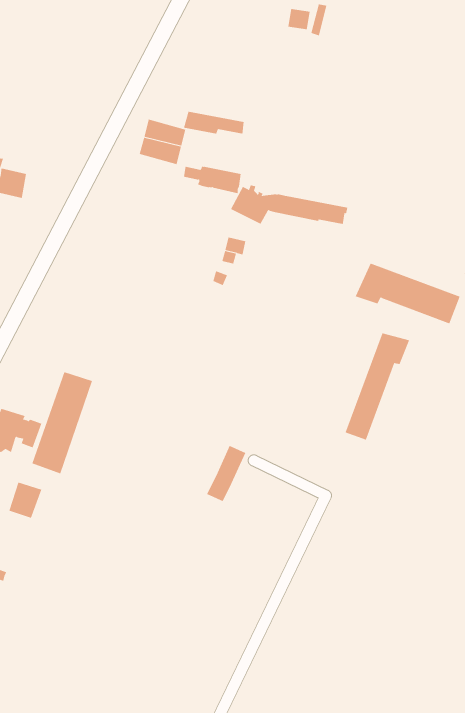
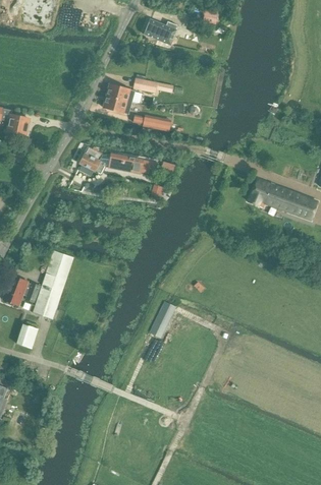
building: none -> [143,19,177,45]
building: [230,185,348,224] -> [79,147,158,174]
building: [345,333,410,440] -> none

